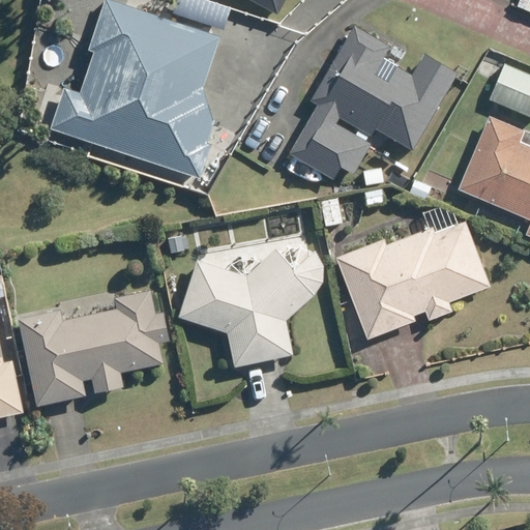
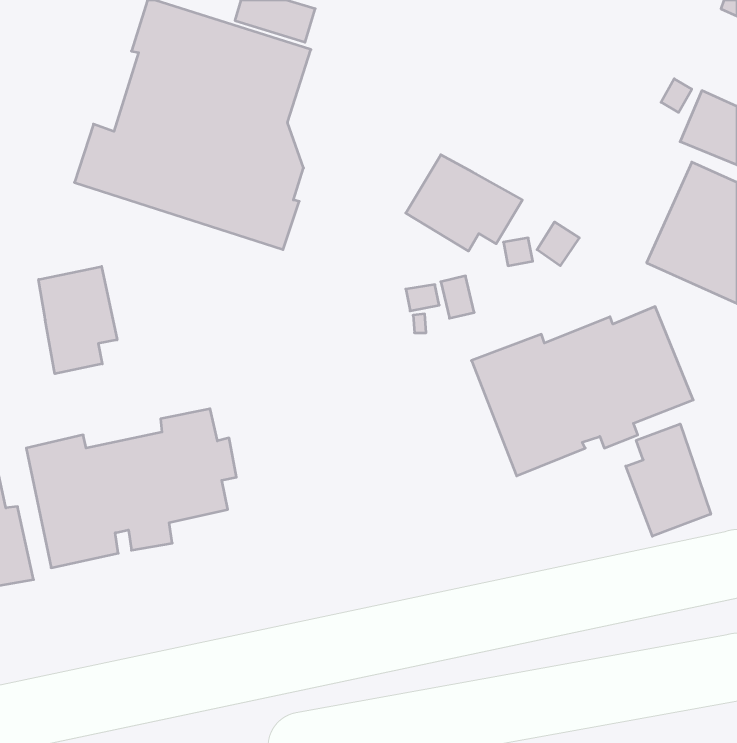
building: [310,26,457,151] -> none
building: none -> [39,266,117,374]
building: [178,249,323,365] -> none
building: none -> [626,424,711,536]

